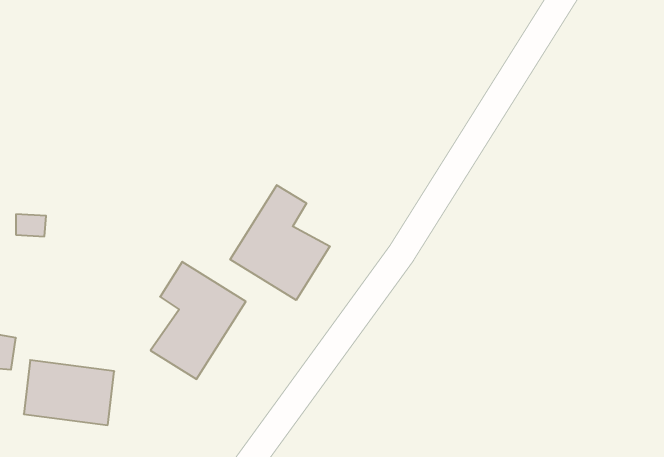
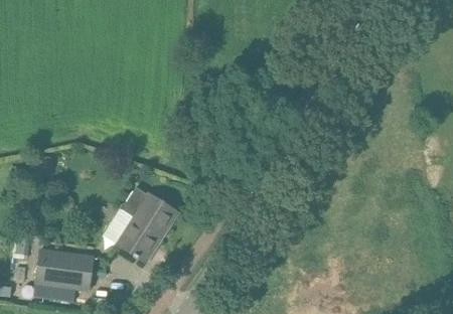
building: [230,185,330,300] -> none

